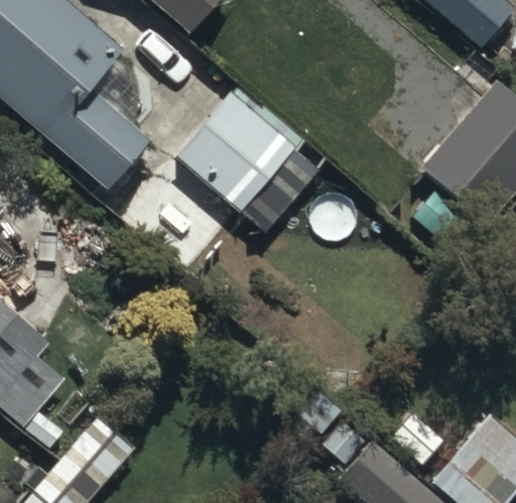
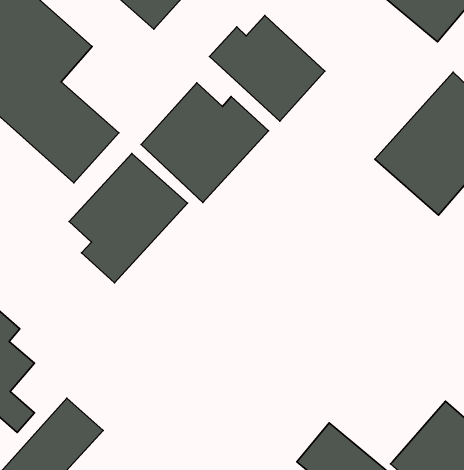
building: none -> [210,15,325,121]
building: none -> [69,154,187,283]

